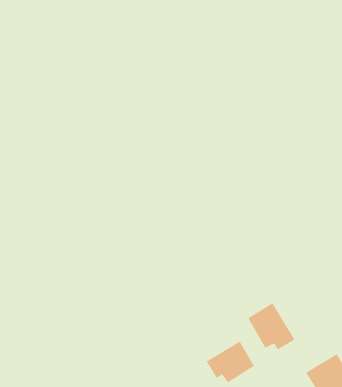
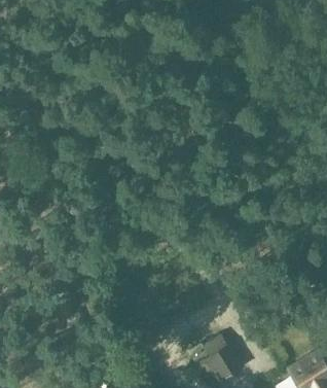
building: [247,302,295,350] -> none

